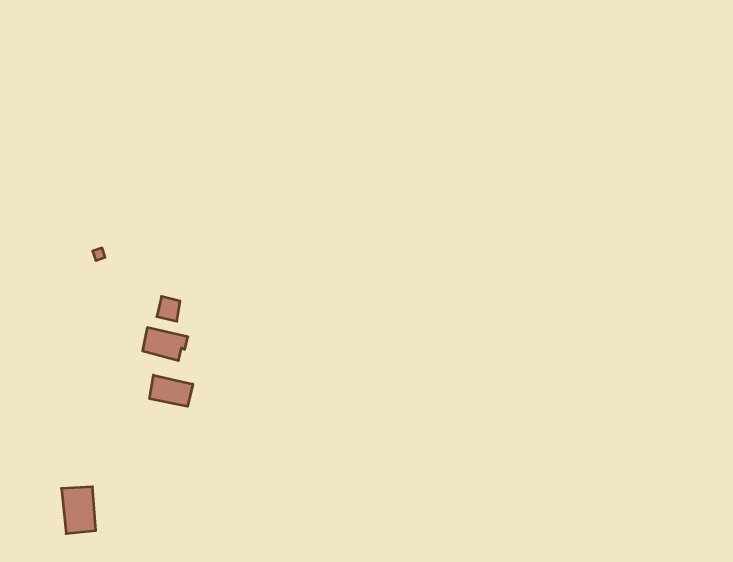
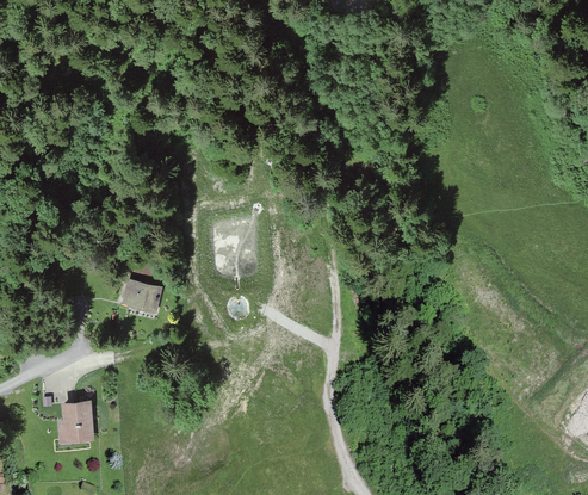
building: [150,375,193,406] -> none

